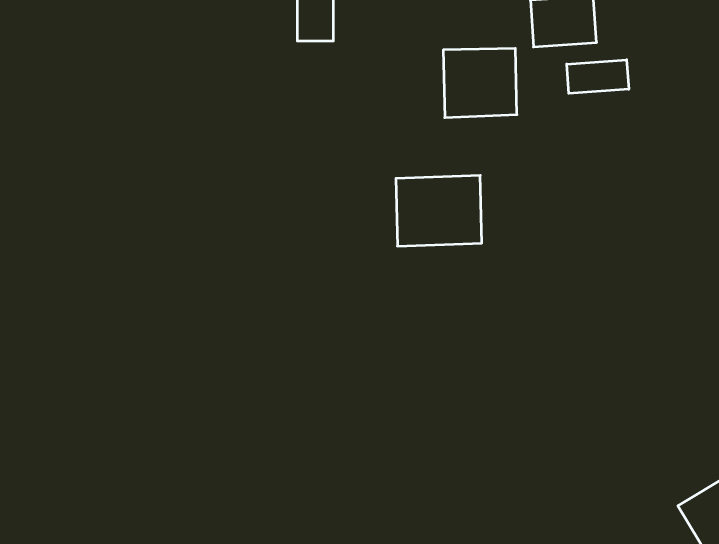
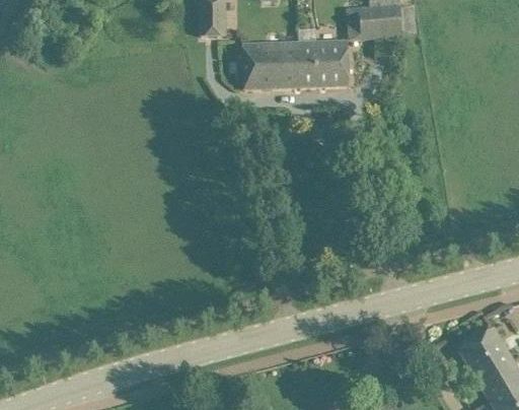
building: [567,60,629,93] -> none
building: [396,175,482,246] -> [242,41,300,88]

